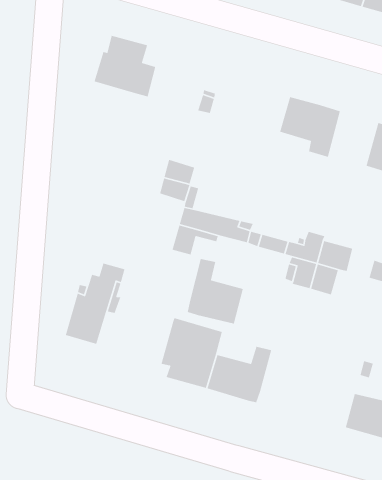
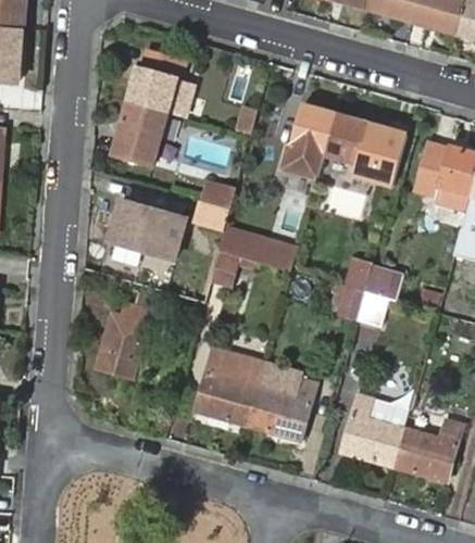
building: none -> [114,100,170,165]
building: none -> [286,104,336,174]
building: none -> [109,200,187,260]
building: [187,258,244,324] -> none
building: none -> [342,395,404,466]

